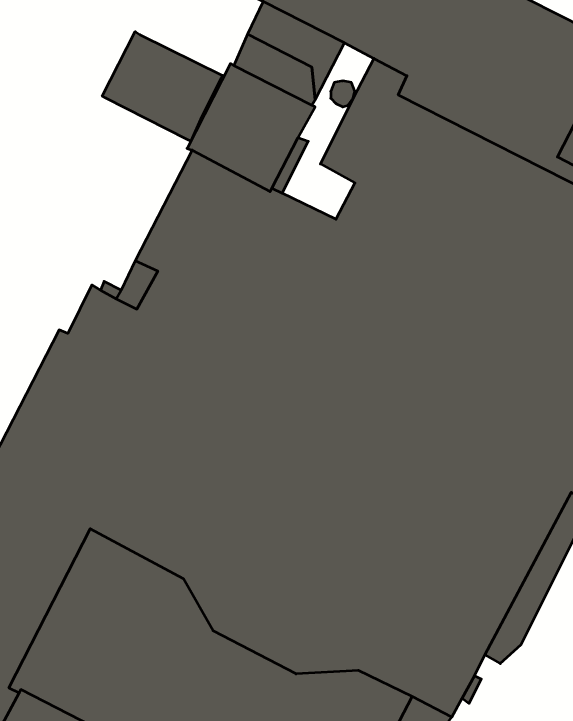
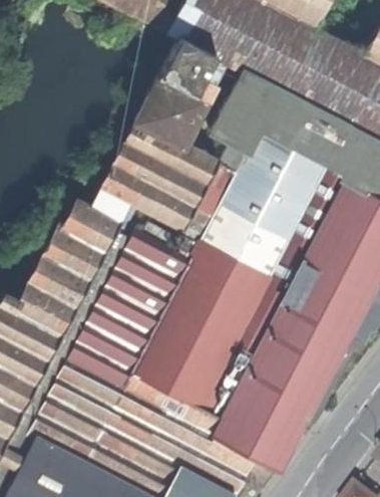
building: [102,32,223,141] -> none

